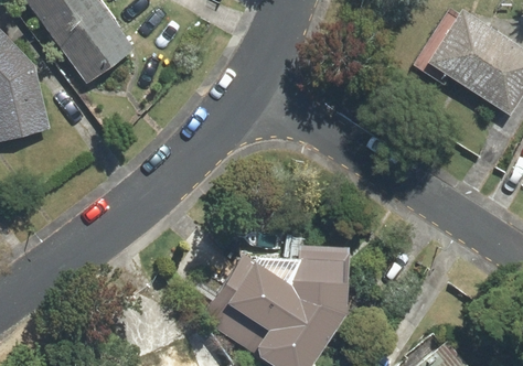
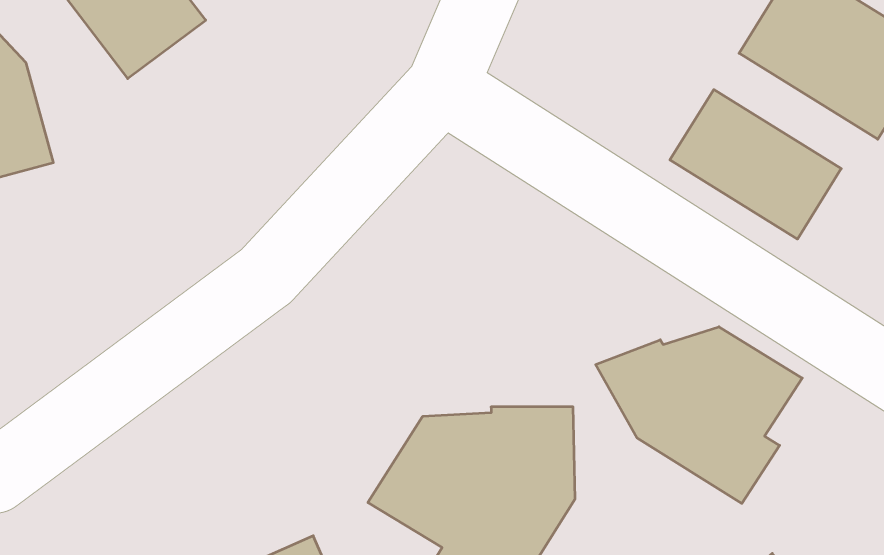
building: none -> [670,90,841,239]
building: none -> [596,327,802,503]

